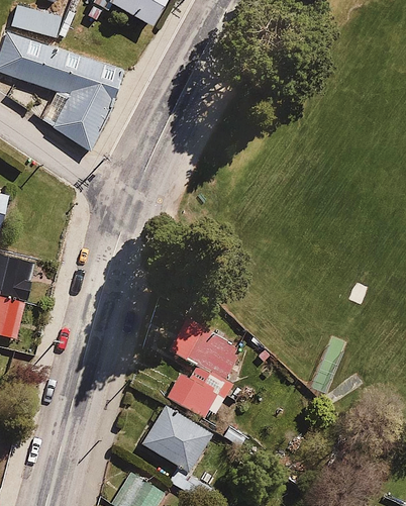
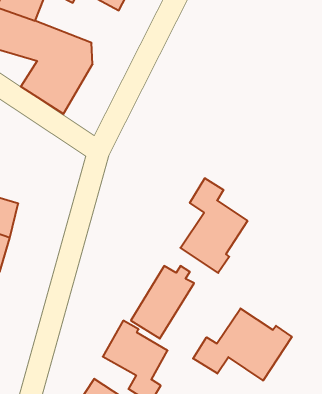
building: none -> [180,178,247,273]
building: none -> [193,308,292,381]

